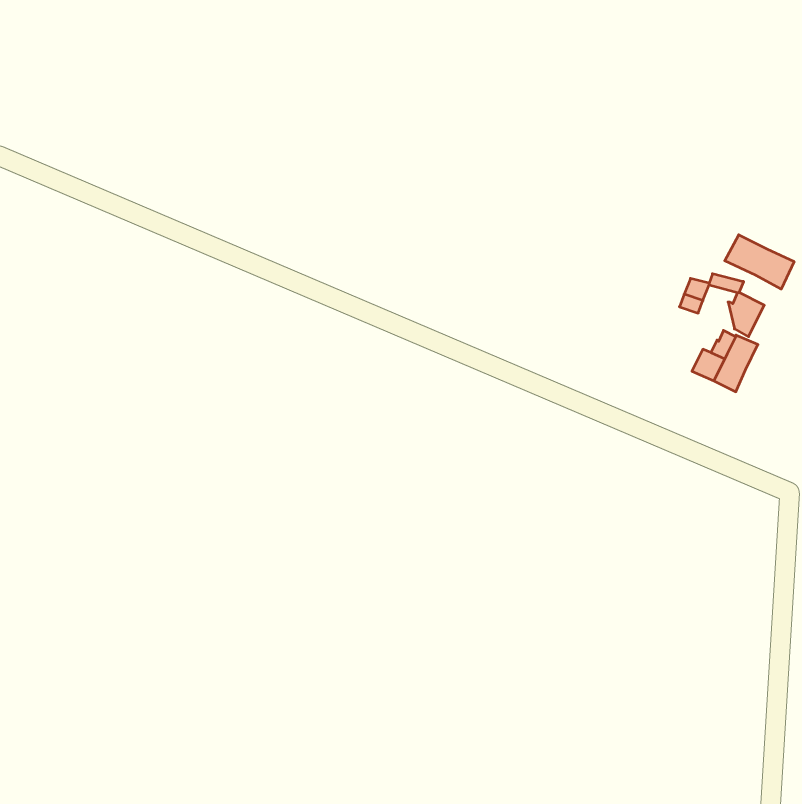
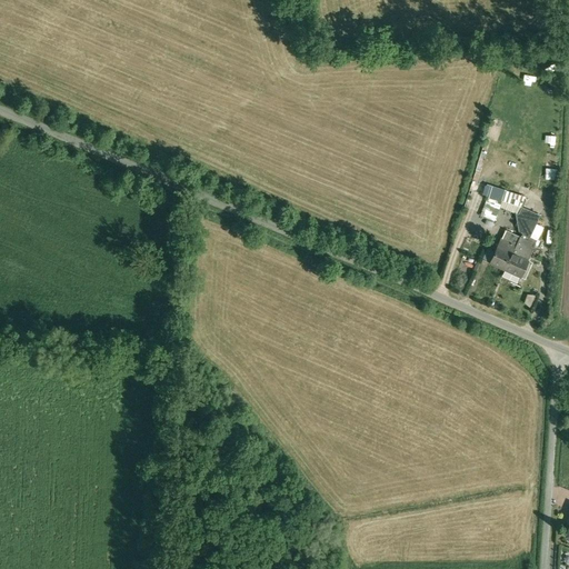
building: [725,235,794,289] -> none

